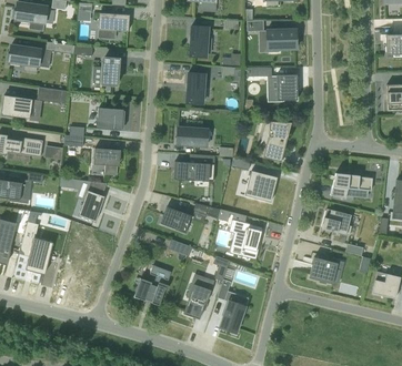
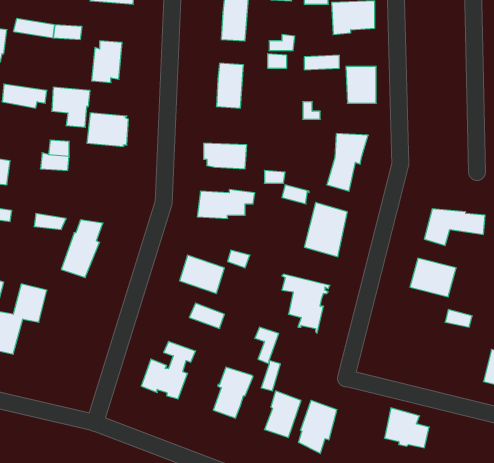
building: [94,148,121,175] -> [52,87,90,127]
building: [310,256,341,284] -> [384,408,429,448]
building: none -> [299,400,337,454]

